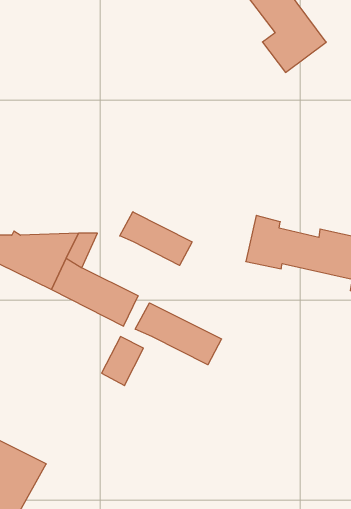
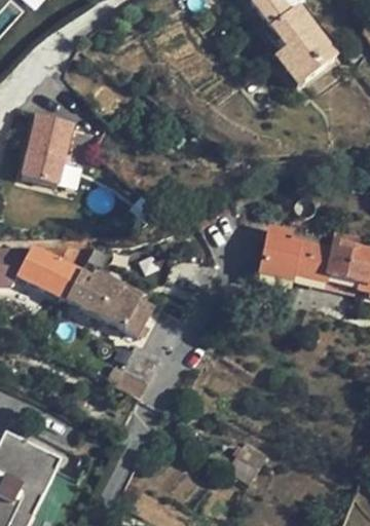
building: none -> [26,114,75,182]
building: [120,212,192,265] -> none
building: [135,303,222,365] -> none

